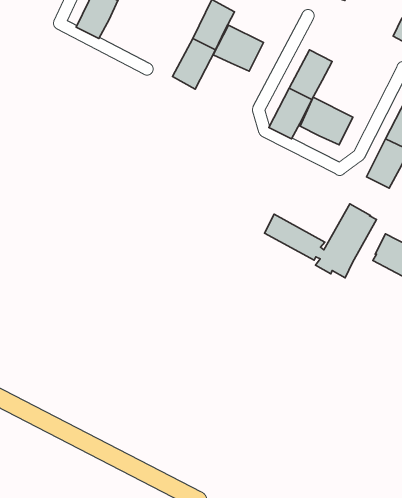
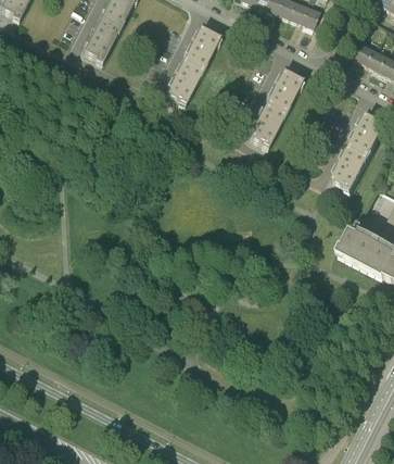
building: [213,25,263,71] -> none
building: [300,97,353,145] -> none
building: [265,204,376,278] -> none

